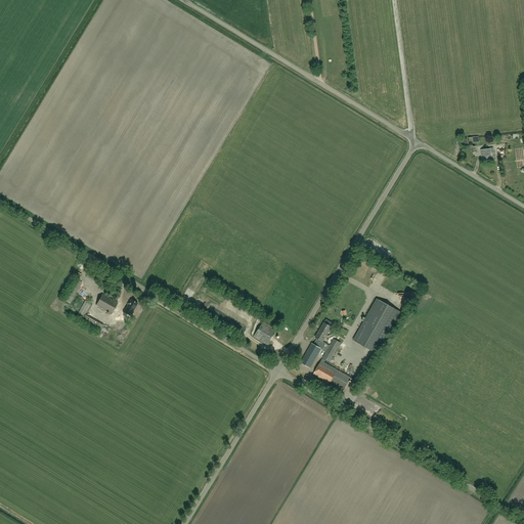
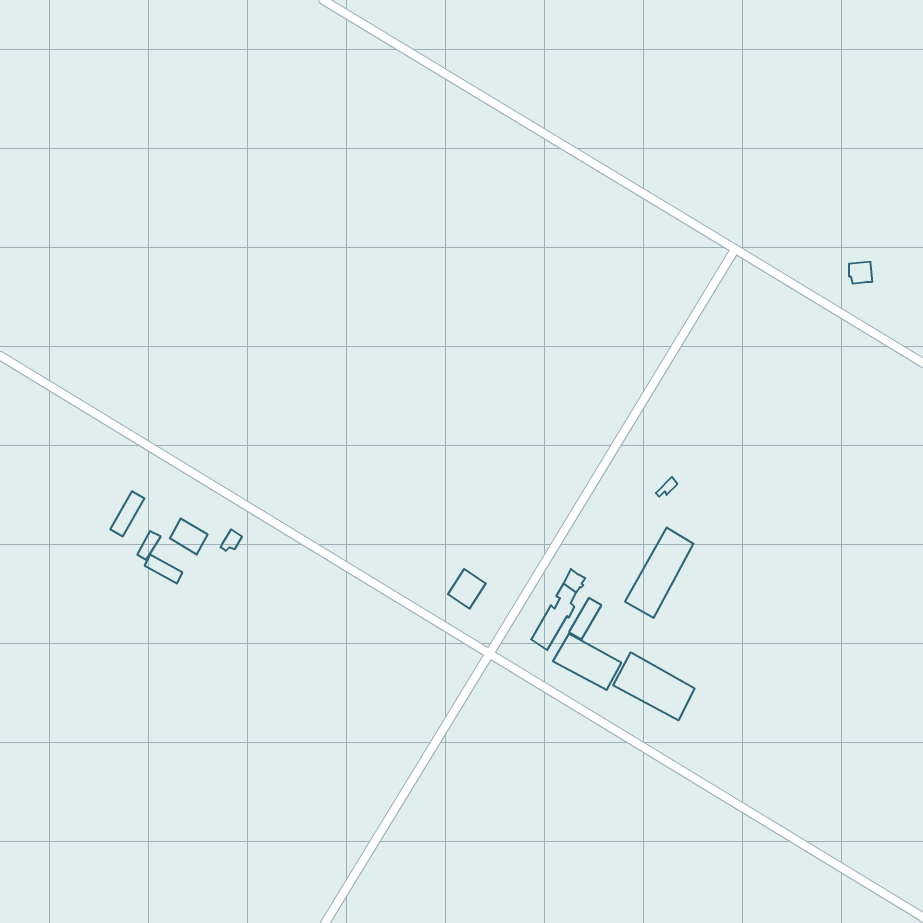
building: none -> [613,652,695,720]

